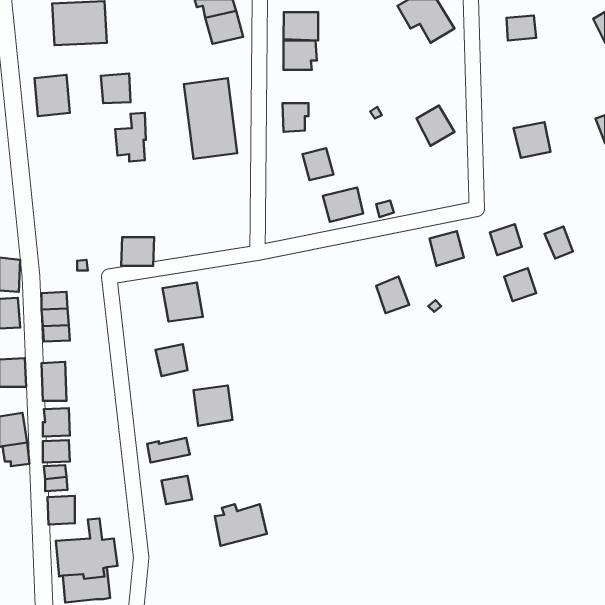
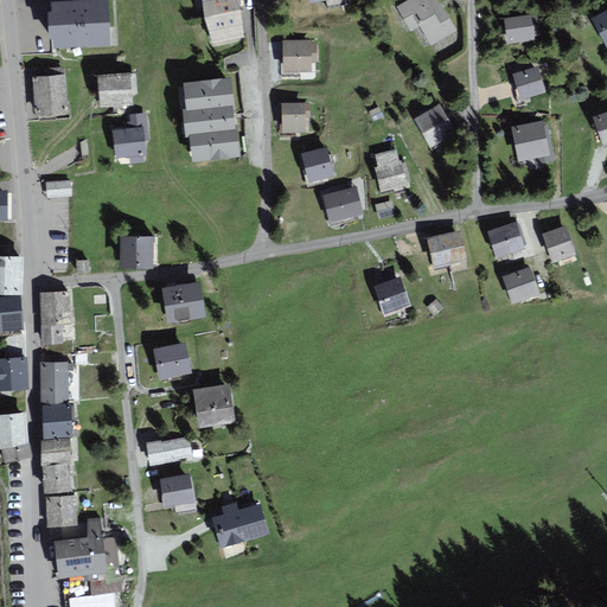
building: [283,12,318,40] -> none
building: none -> [515,68,544,97]
building: none -> [376,161,409,191]

